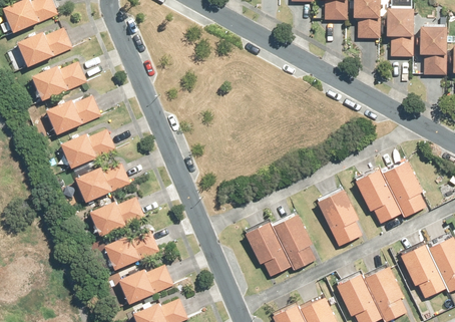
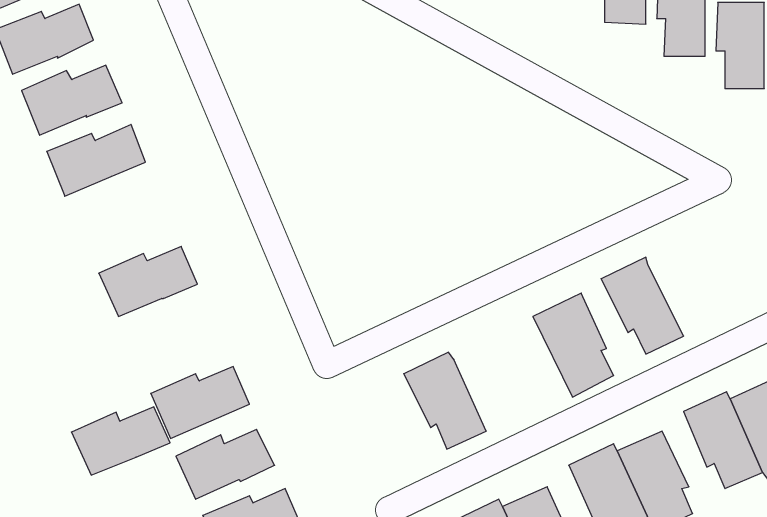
building: [59,129,114,168] -> none
building: [381,159,425,217] -> none
building: [88,198,143,236] -> [71,407,170,475]
building: [273,214,315,270] -> none

